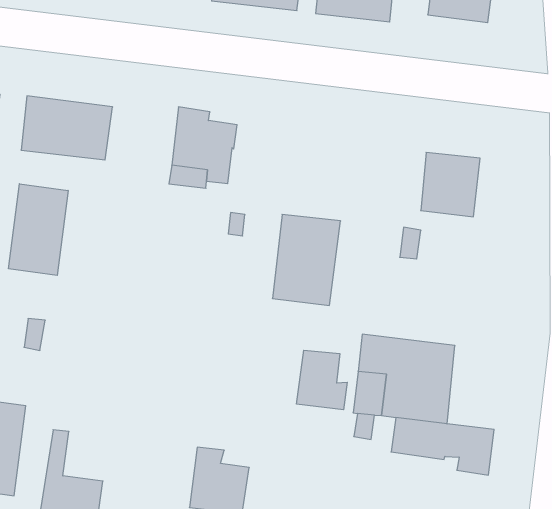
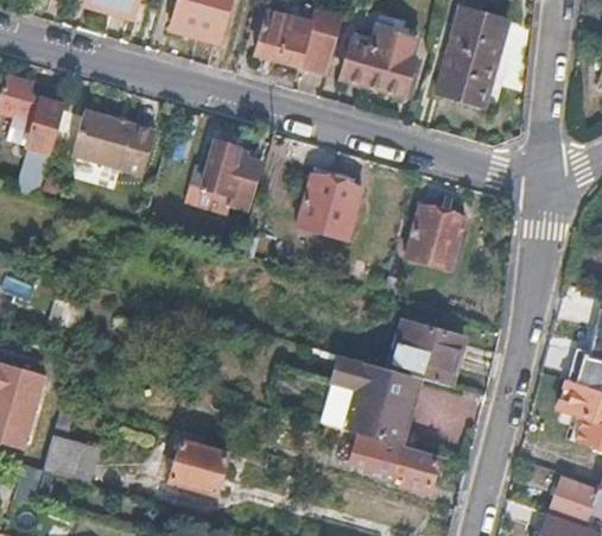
building: [9,184,68,275] -> none
building: [272,214,341,305] -> [296,163,363,246]
building: none -> [387,320,463,386]
building: [297,350,347,410] -> none

